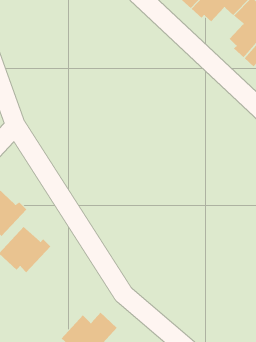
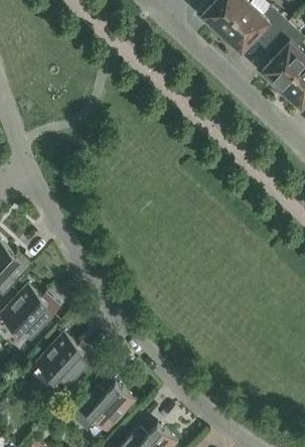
building: none -> [35,331,96,386]

